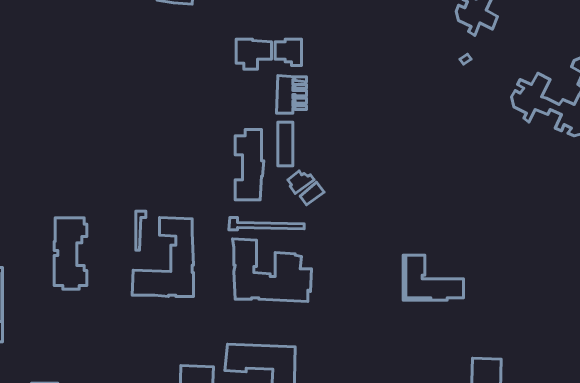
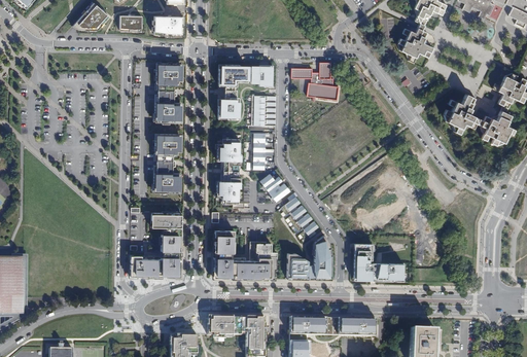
building: none -> [290,61,338,99]
building: none -> [154,62,182,121]
building: none -> [217,94,239,119]
building: none -> [281,195,319,240]
building: [54,218,87,289] -> [154,134,181,192]
building: none -> [287,234,332,281]
building: none -> [291,318,375,342]

